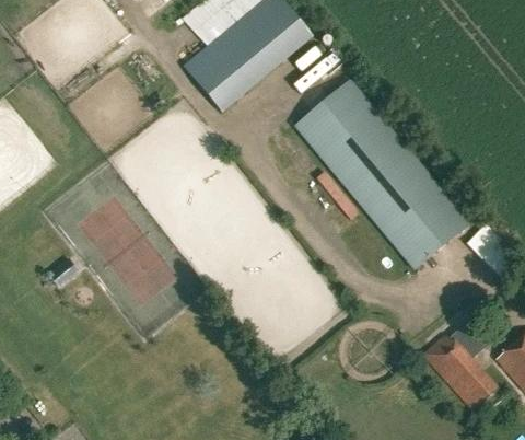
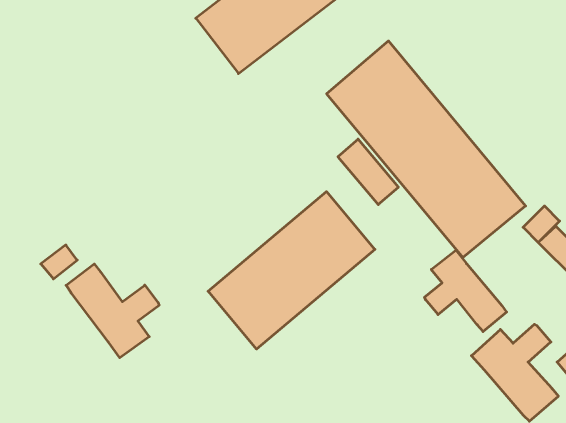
building: none -> [208,192,375,349]
building: none -> [425,250,507,332]
building: none -> [66,264,159,358]

